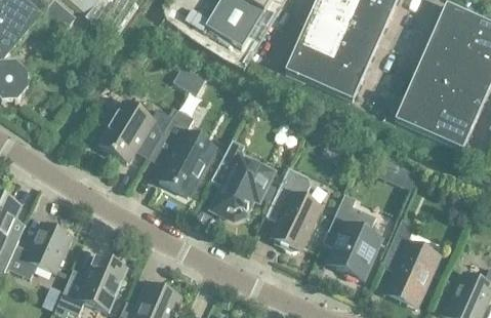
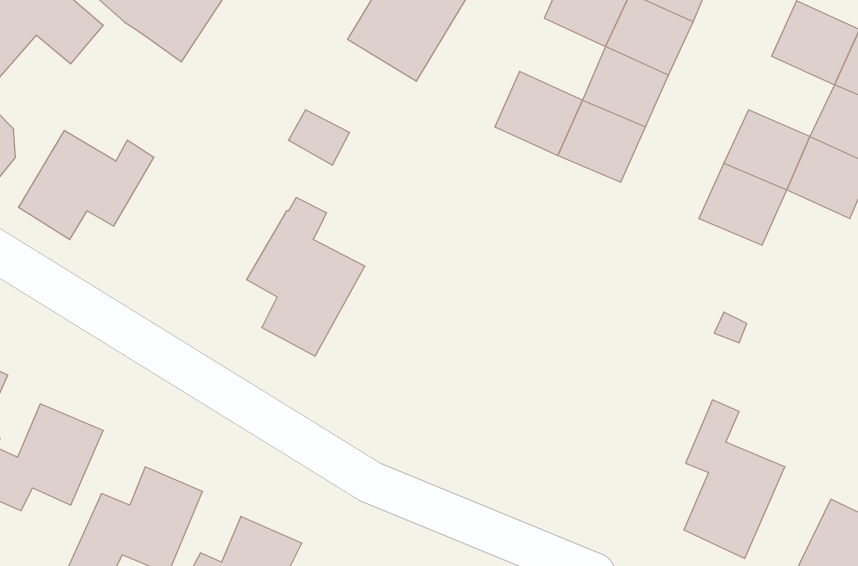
building: [297,11,343,55] -> none
building: [420,32,466,75] -> none
building: [99,101,172,159] -> [18,131,154,240]
building: [427,104,475,149] -> none
building: [210,137,271,216] -> none
building: [265,165,319,248] -> none
building: [323,192,379,276] -> none

